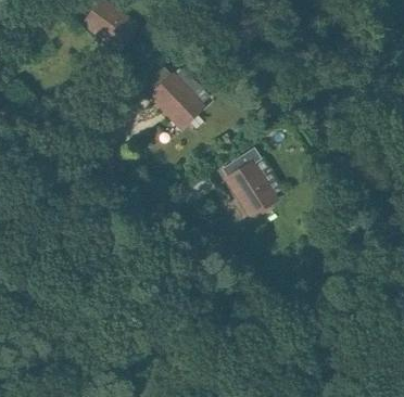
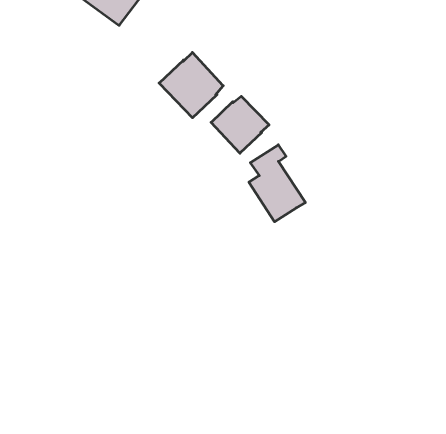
building: none -> [211,96,269,153]

